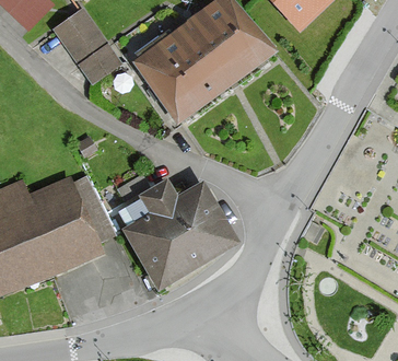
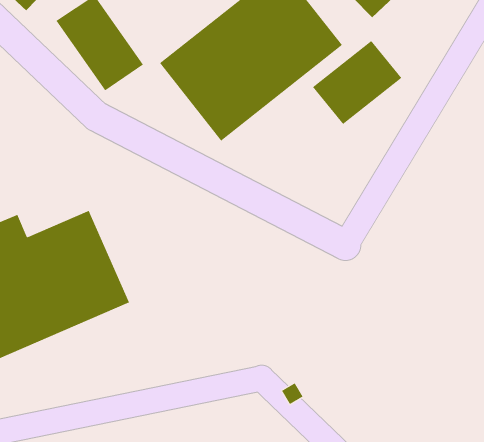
building: none -> [312,40,402,125]
building: [120,174,234,286] -> none

